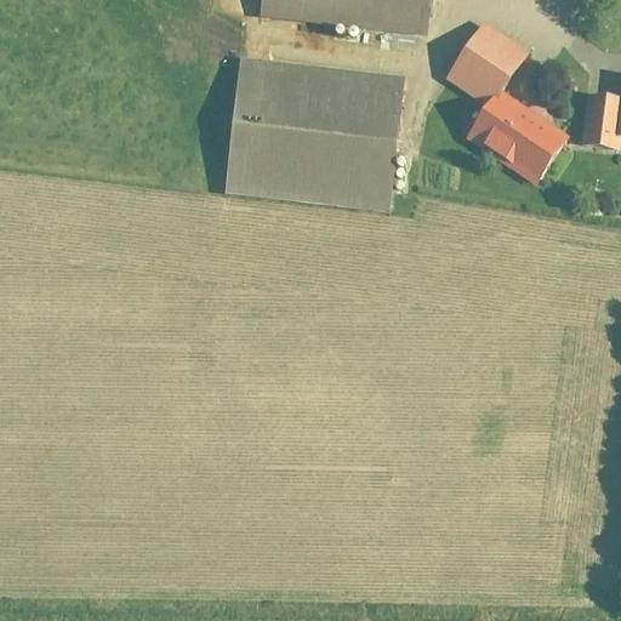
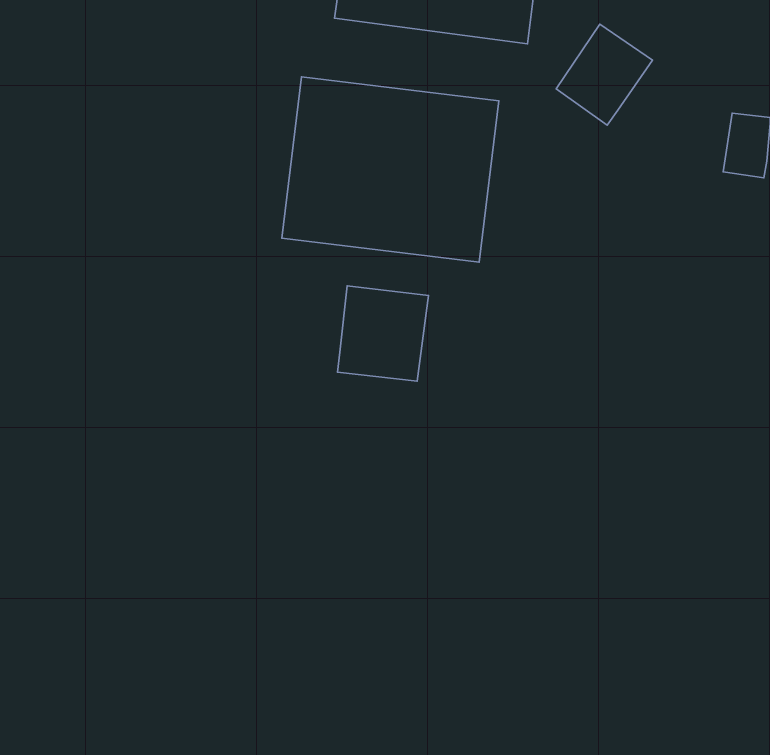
building: [469,89,565,176] -> none
building: none -> [338,286,428,381]

